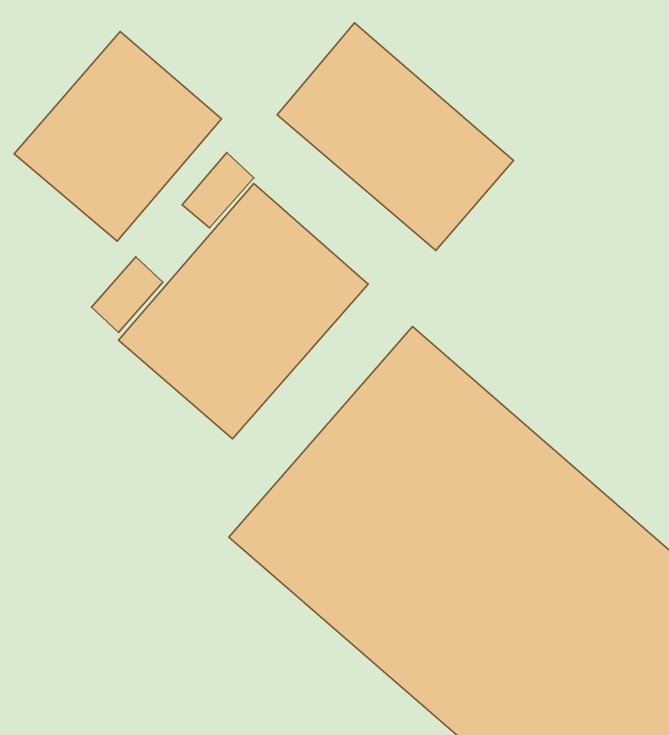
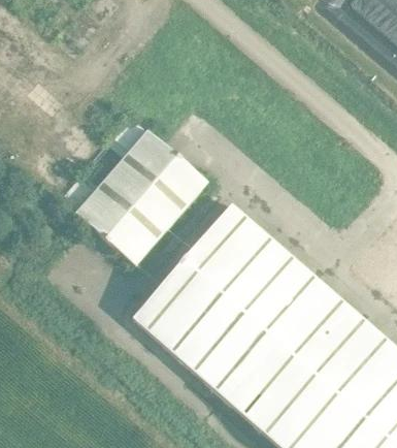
building: [277,23,514,250] -> none
building: [14,31,222,241] -> none

